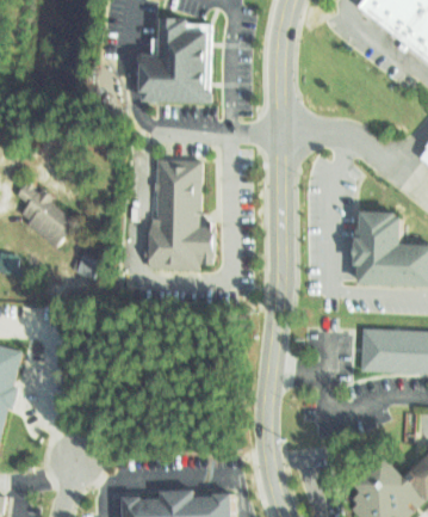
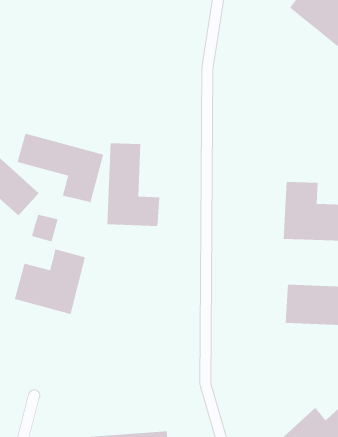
building: [144,14,207,103] -> none
building: none -> [17,133,104,203]
building: none -> [14,249,86,315]

